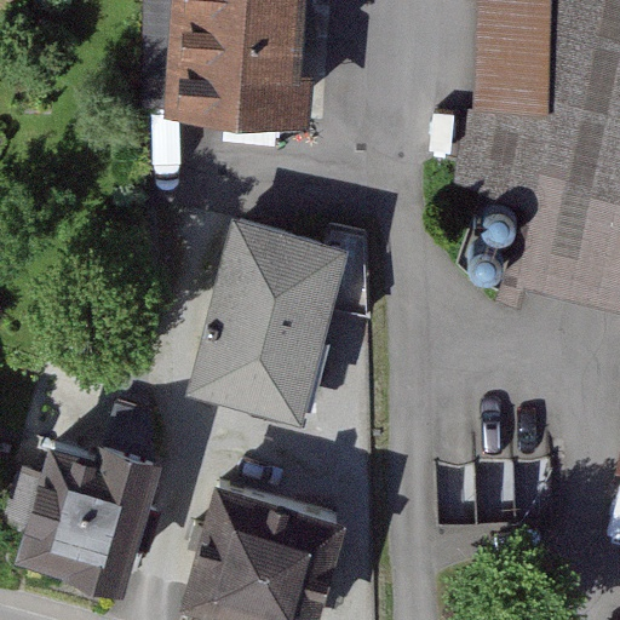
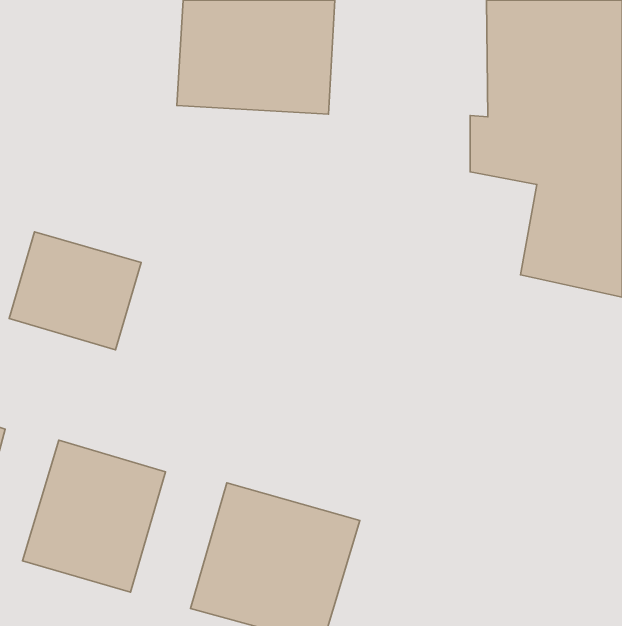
building: [184,214,350,420] -> none
building: none -> [9,232,141,350]

